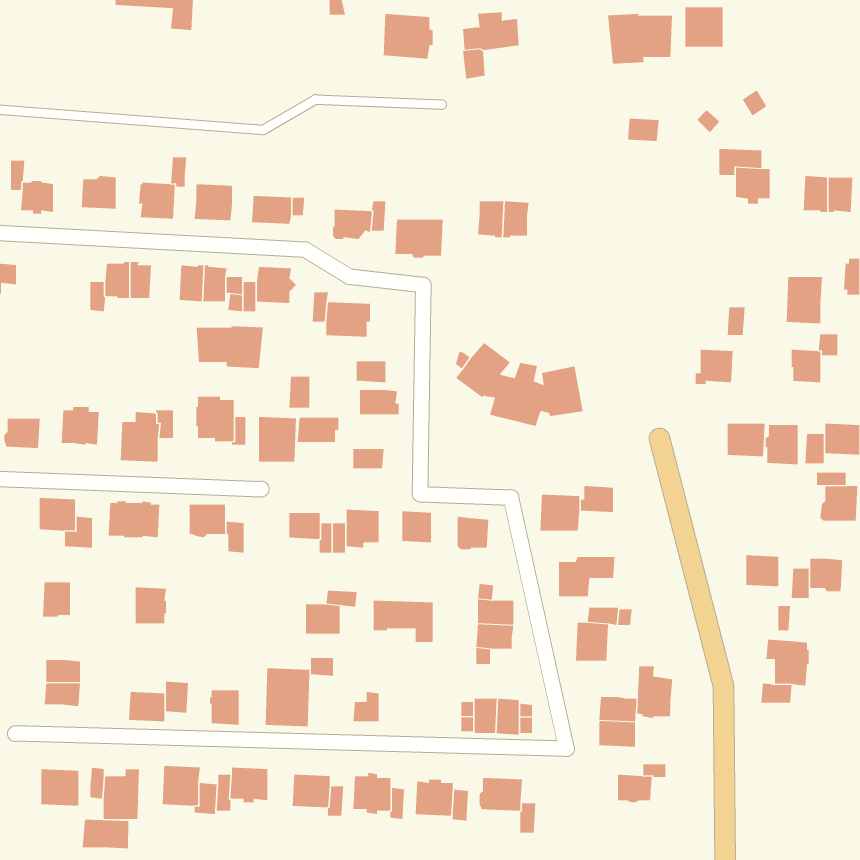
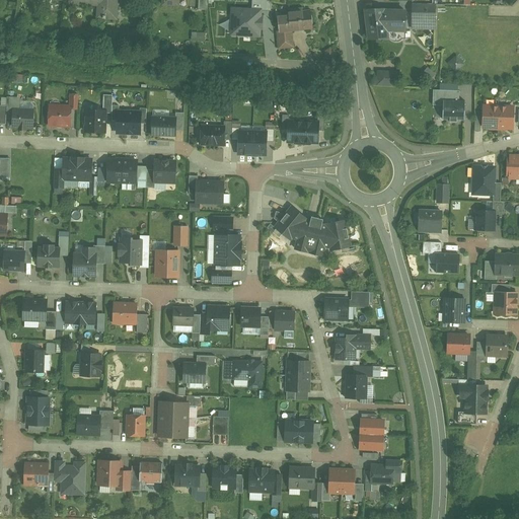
building: [196,325,264,369] -> none
building: [297,417,339,442] -> [215,249,240,265]
building: [765,424,799,465] -> [443,298,463,322]
building: [637,665,673,719] -> none
building: none -> [328,468,354,493]
building: [82,819,129,849] -> none

